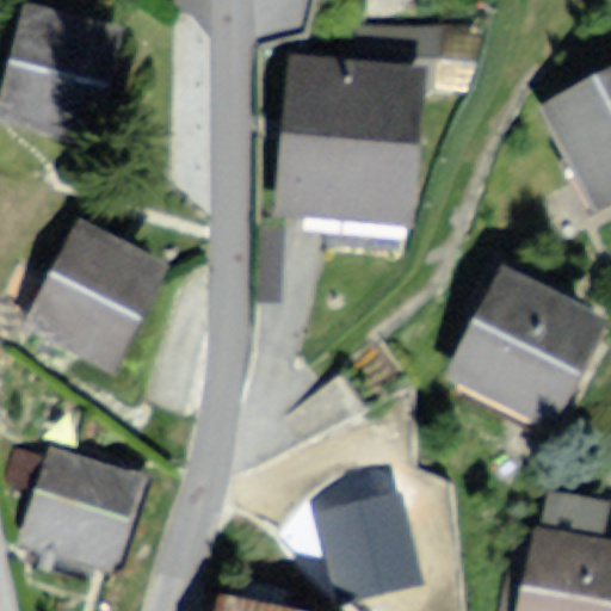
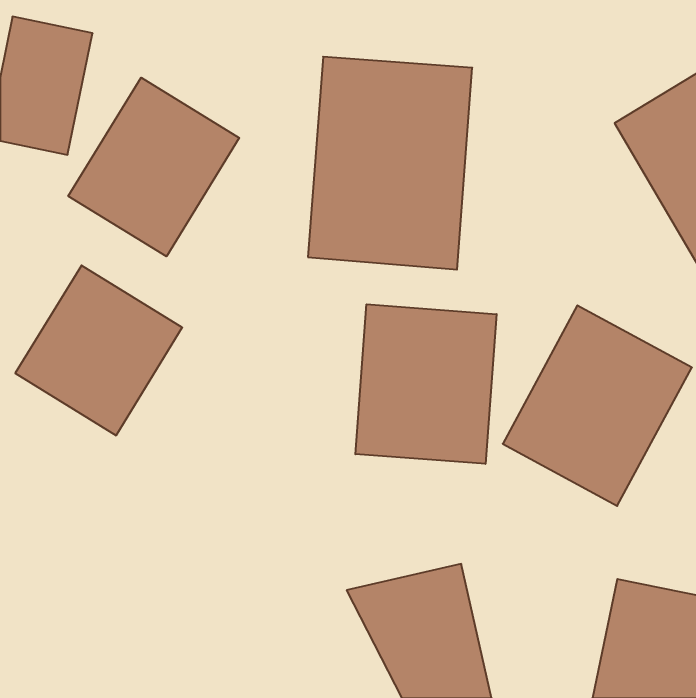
building: none -> [68,78,239,256]
building: none -> [355,304,497,464]
building: [19,437,140,563] -> none

